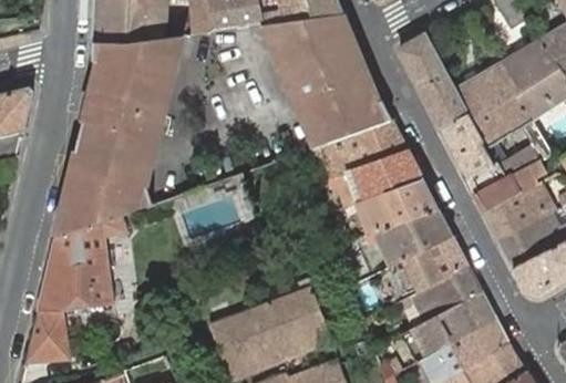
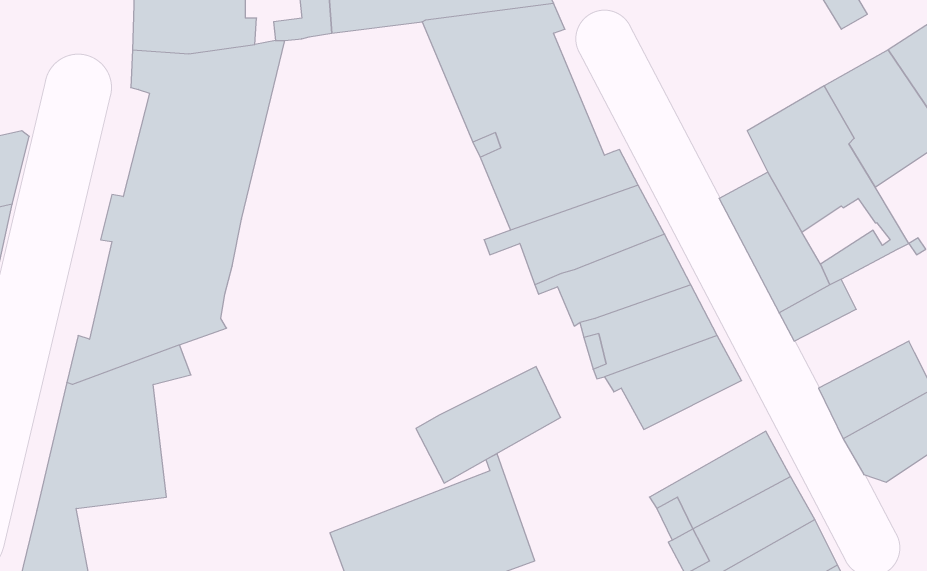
building: [398,33,467,127] -> none
building: [483,182,554,239] -> none
building: [381,235,466,303] -> [416,367,561,483]

